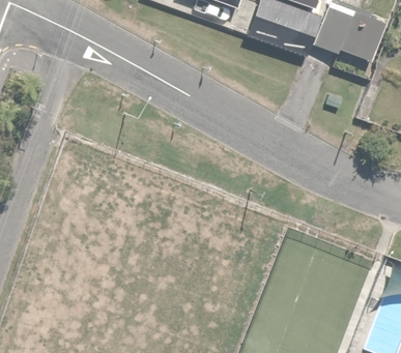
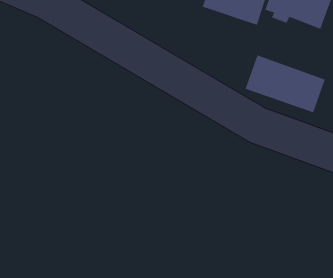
building: none -> [245,54,326,113]

